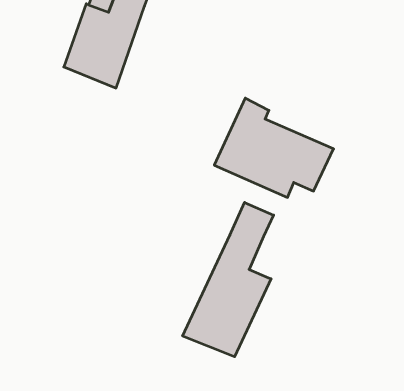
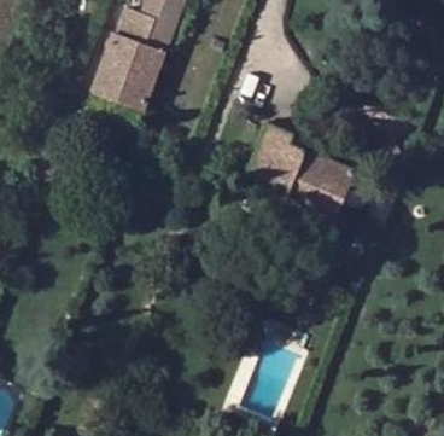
building: [183,202,274,357] -> none

